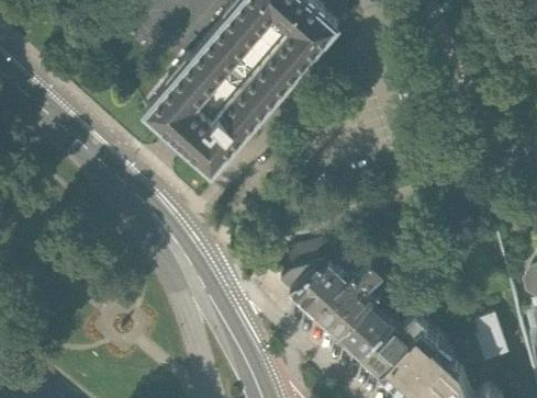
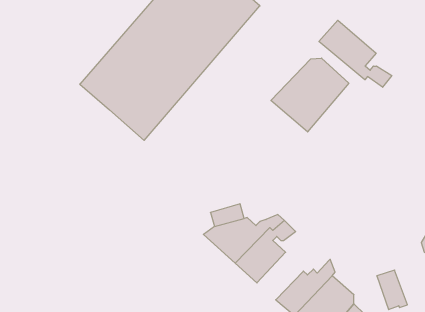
building: none -> [319,20,392,87]
building: none -> [271,58,349,132]
building: [336,292,414,356] -> none

